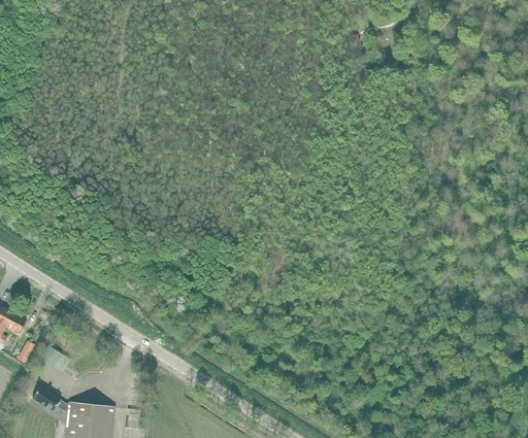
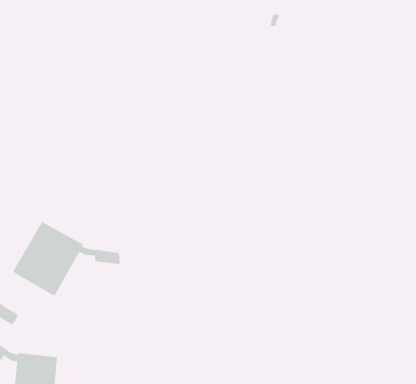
building: none -> [12,221,120,297]

